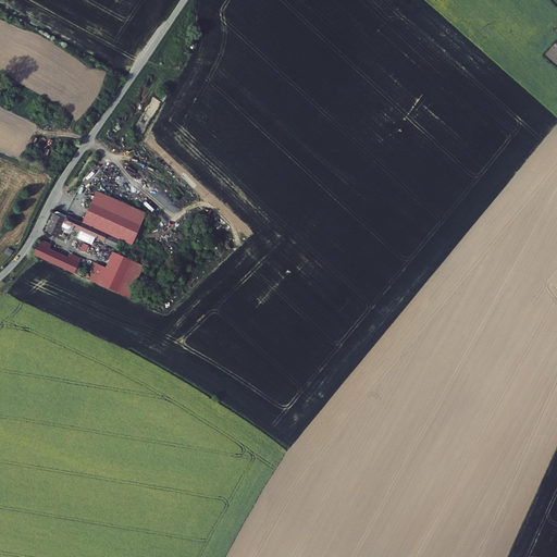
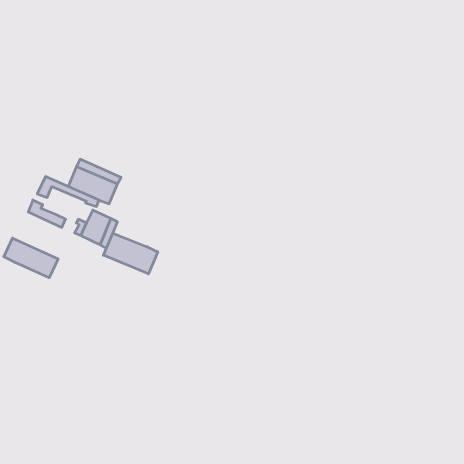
building: none -> [103,233,158,274]
building: none -> [4,238,58,278]

